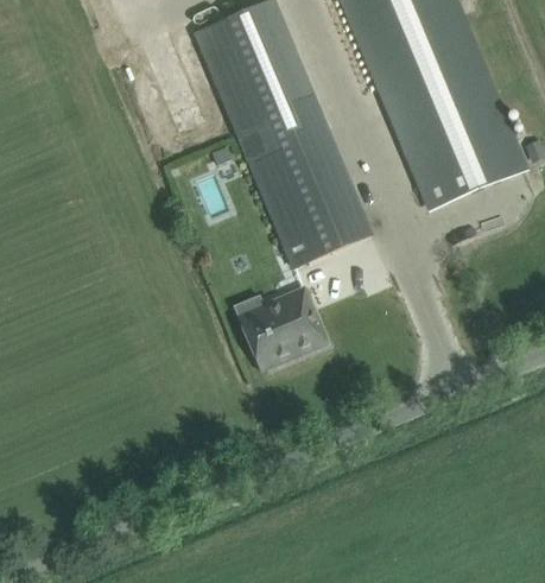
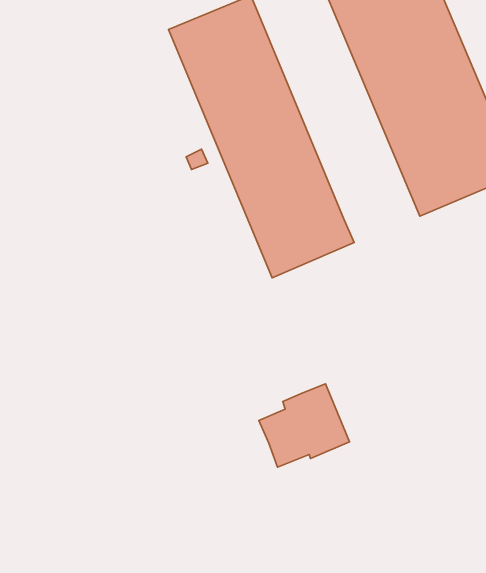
building: [240,287,325,366] -> [259,384,350,467]

